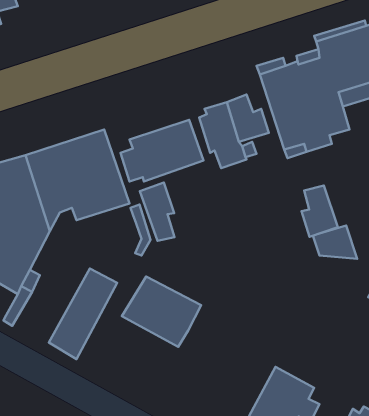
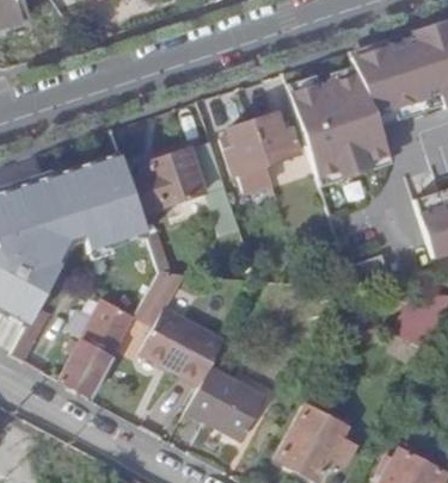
building: [140,182,174,241] -> none
building: [301,186,338,237] -> none
building: none -> [188,369,266,441]

